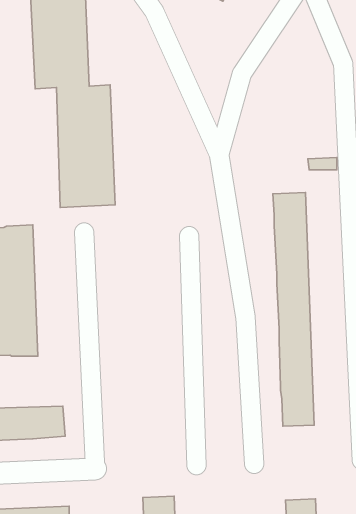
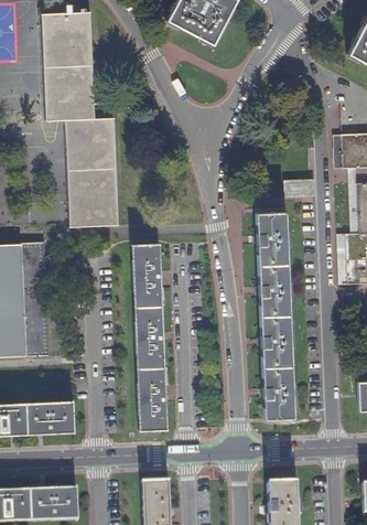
building: none -> [133,244,166,430]

